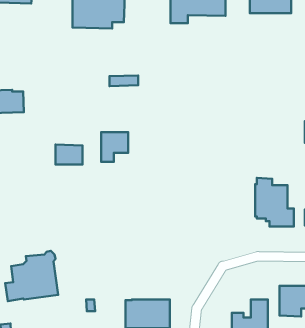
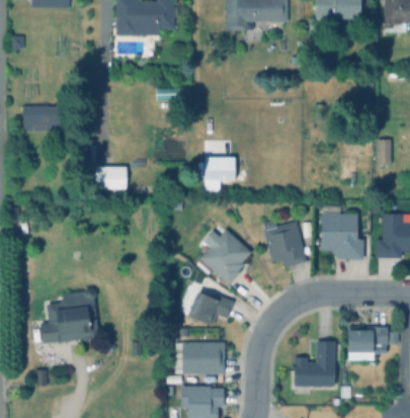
building: [101,132,128,162] -> [203,159,234,192]
building: none -> [262,218,310,267]
building: none -> [200,229,252,285]
building: none -> [188,292,234,325]

